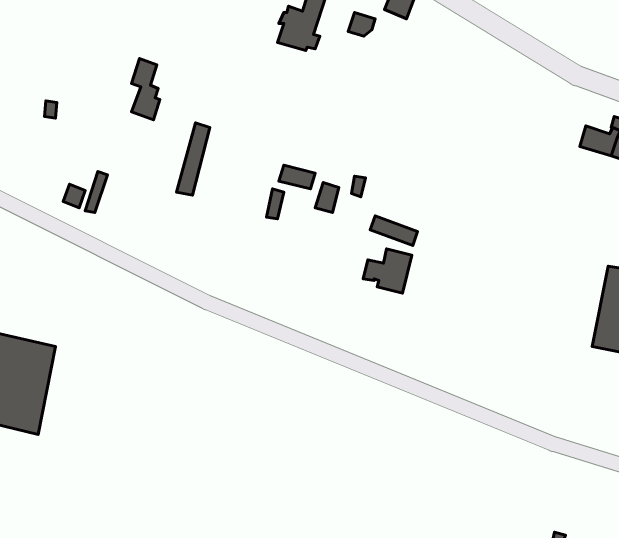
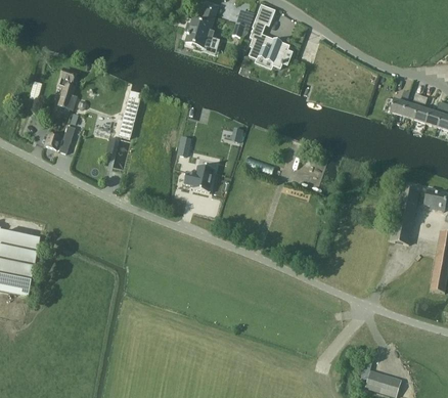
building: none -> [249,29,289,69]
building: [131,58,160,120] -> [58,69,77,108]
building: [363,249,412,293] -> [183,165,215,193]

